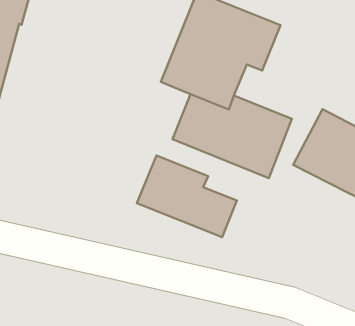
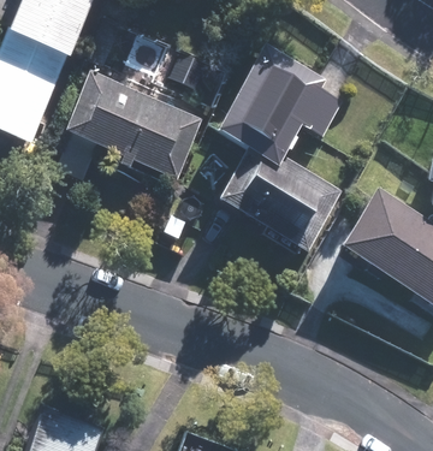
building: none -> [55,61,202,182]
building: [137,155,237,237] -> none

